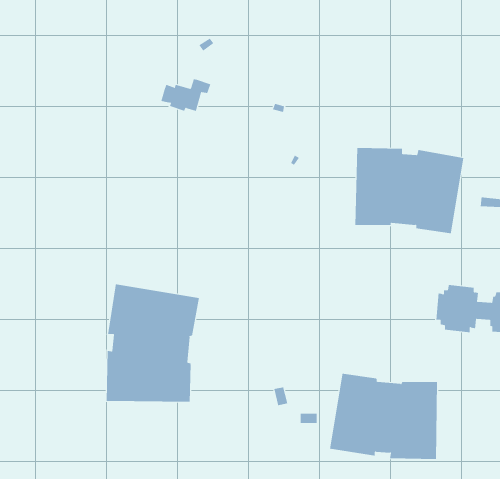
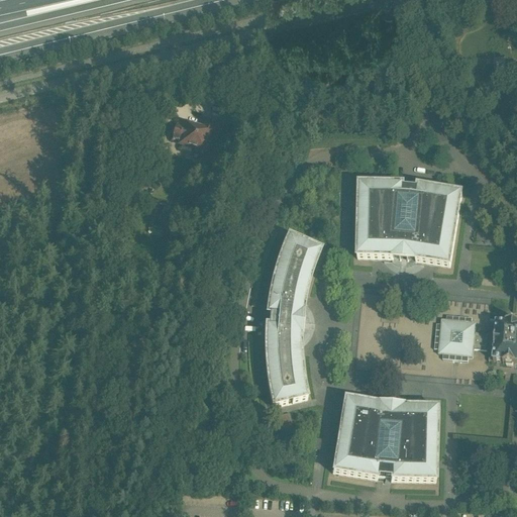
building: none -> [265,230,320,402]
building: [106,284,199,402] -> none

